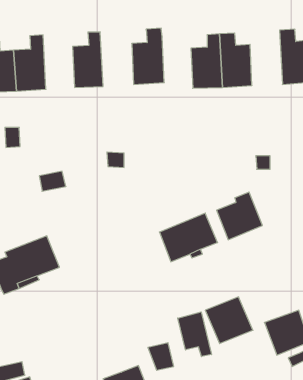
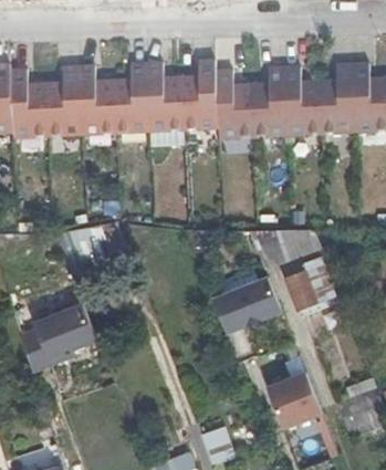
building: none -> [319,63,356,127]
building: none -> [145,64,184,128]
building: none -> [79,69,115,132]
building: none -> [217,71,252,133]
building: none -> [248,224,319,263]
building: [178,312,211,357] -> none

